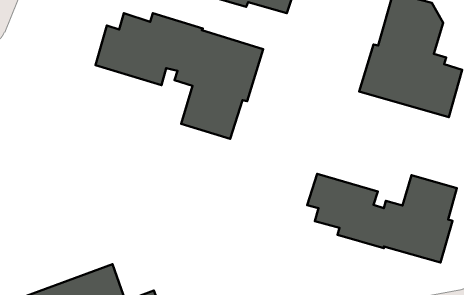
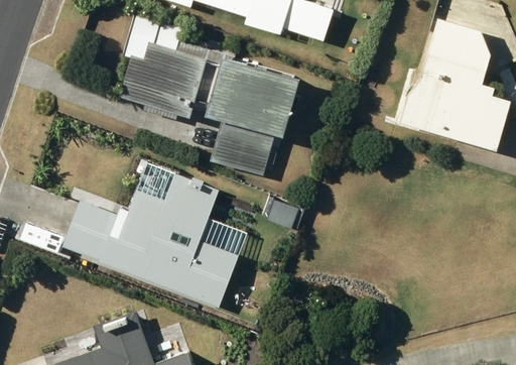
building: none -> [53,163,231,286]
building: [307,174,457,263] -> none

